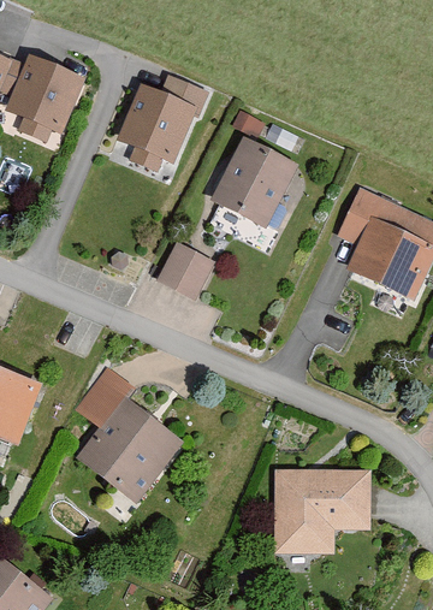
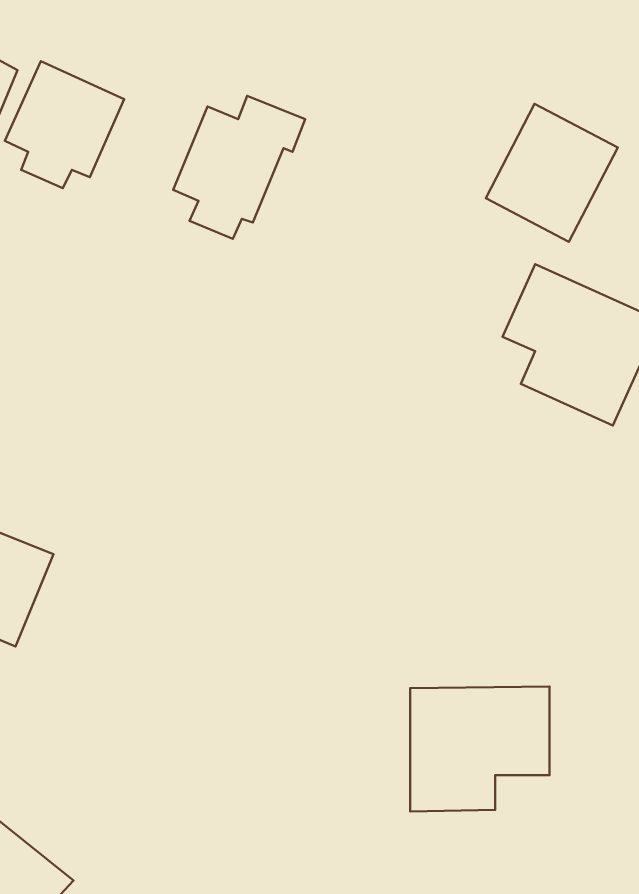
building: [210,136,298,227] -> [486,104,618,242]
building: [158,242,212,297] -> none
building: [78,369,188,507] -> none

